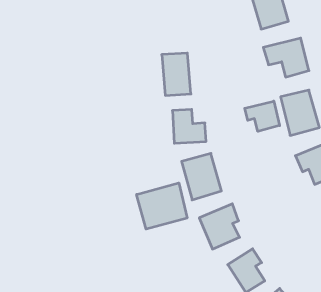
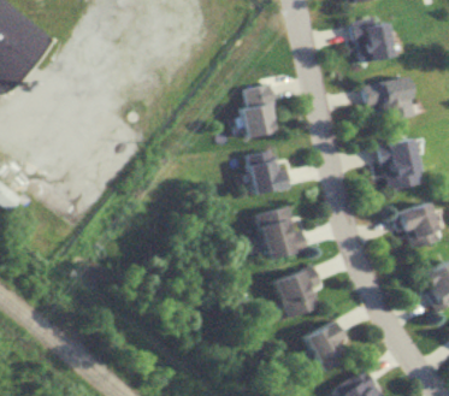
building: [245,101,280,131] -> none
building: [137,183,187,229] -> none

